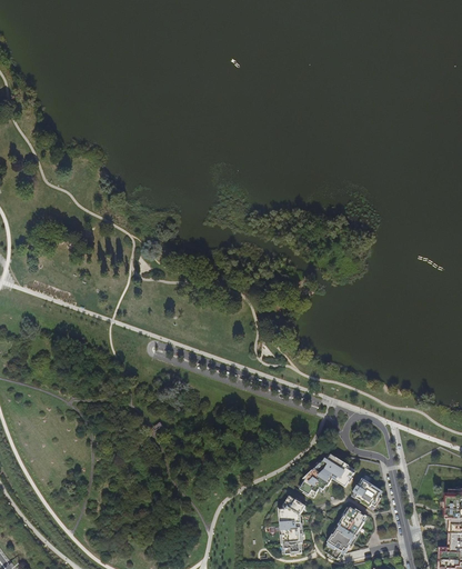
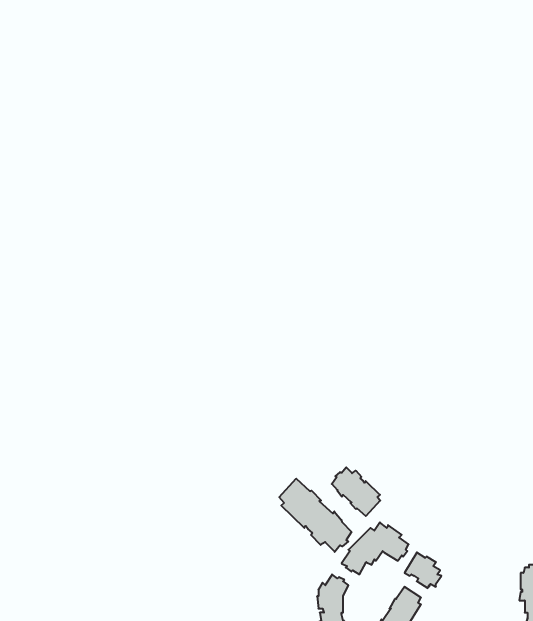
building: none -> [332,467,380,516]
building: none -> [279,479,351,552]

